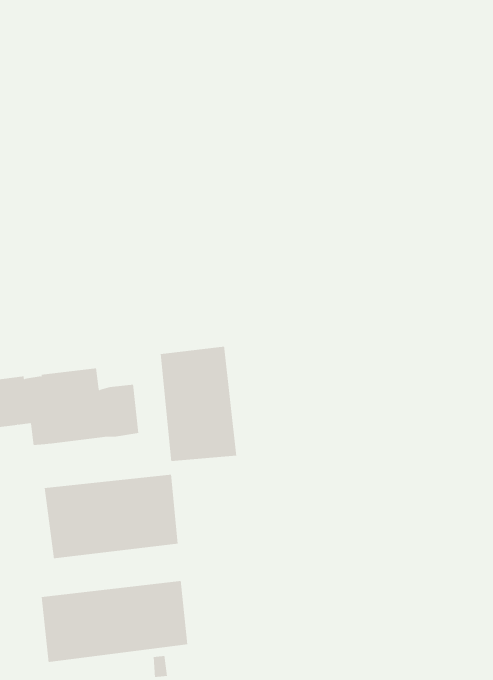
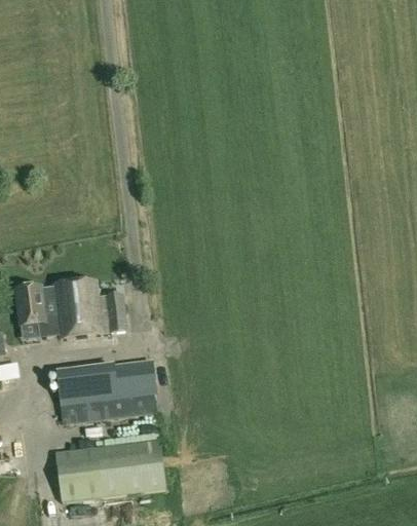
building: [160,346,237,462] -> none

